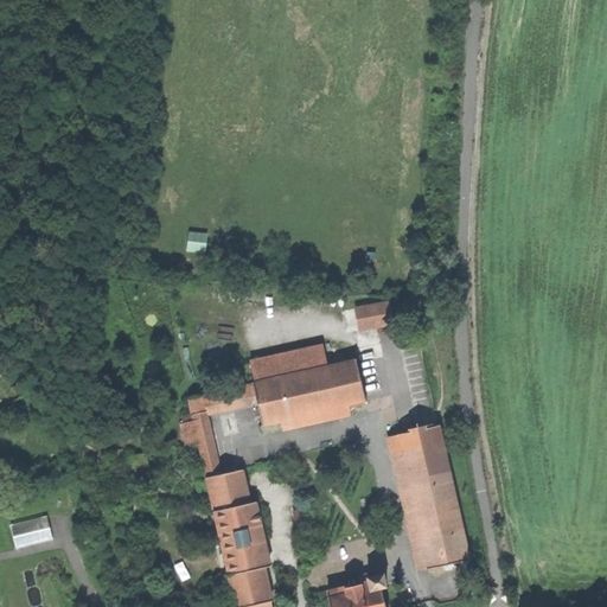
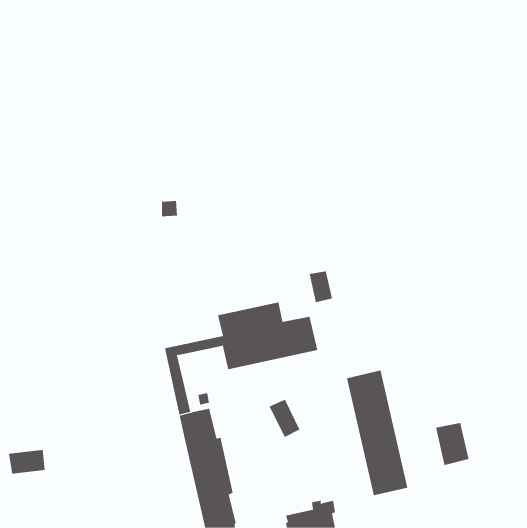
building: none -> [269,399,300,438]
building: none -> [435,422,469,466]

